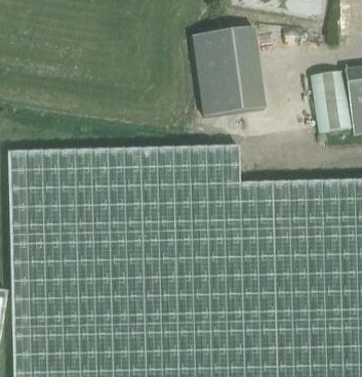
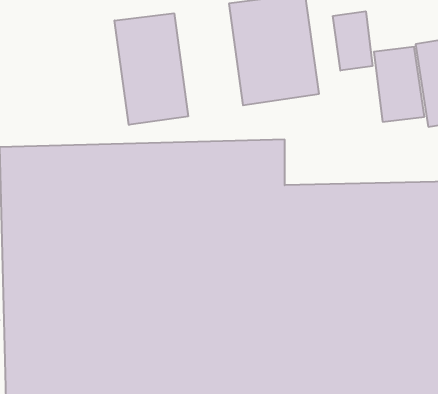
building: none -> [333,11,372,71]
building: none -> [115,13,188,125]

